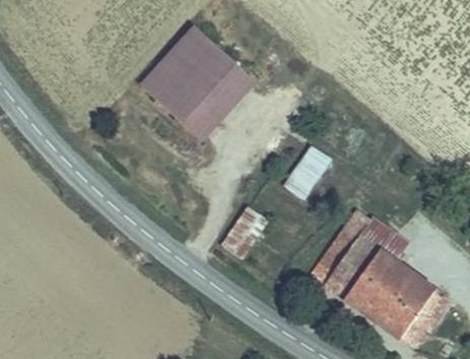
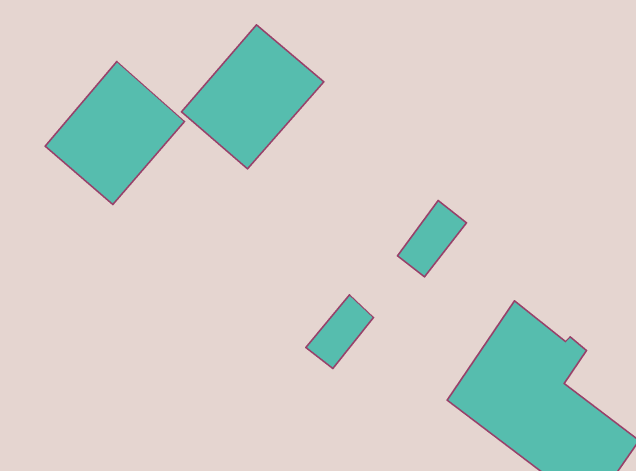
building: none -> [45,62,185,205]
building: [183,63,253,136] -> none

